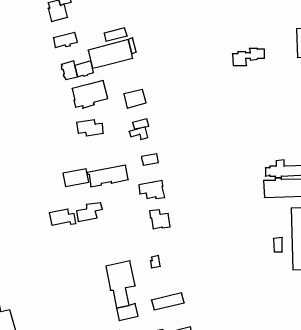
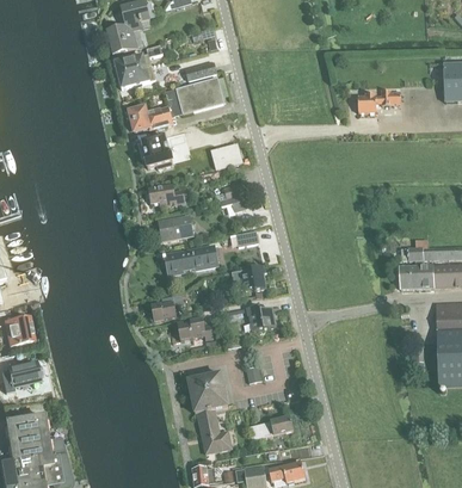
building: none -> [113,45,161,75]
building: [63,169,89,187] -> [158,216,192,240]
building: [49,209,76,225] -> [177,319,212,340]

